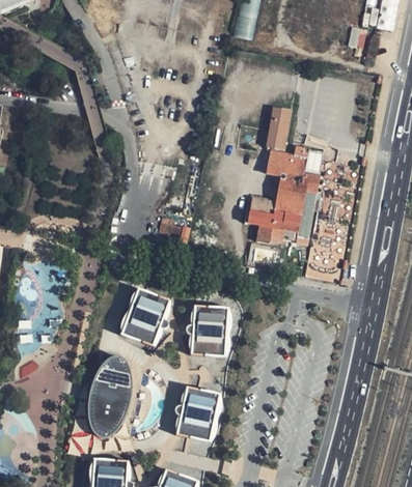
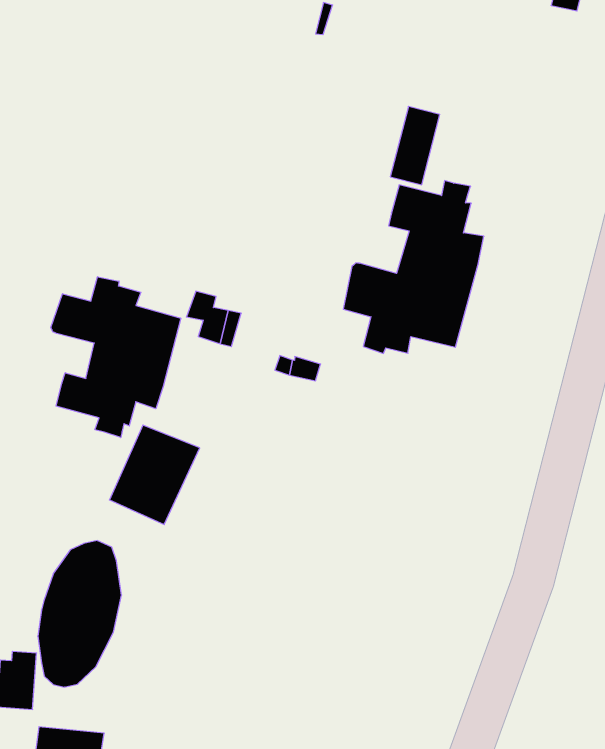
building: none -> [51,277,181,438]
building: [191,307,229,356] -> none
building: [176,386,221,443] -> none

